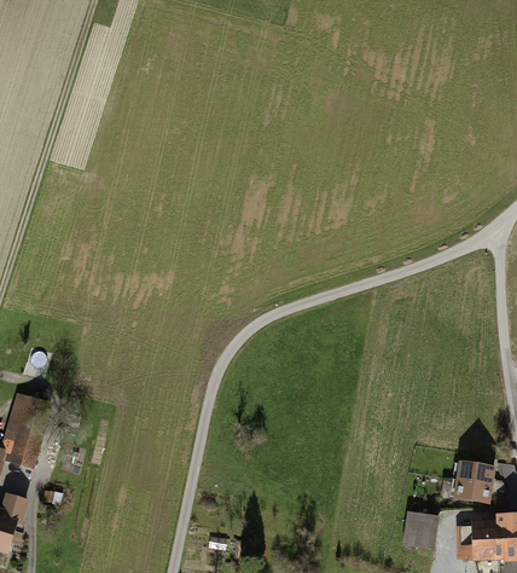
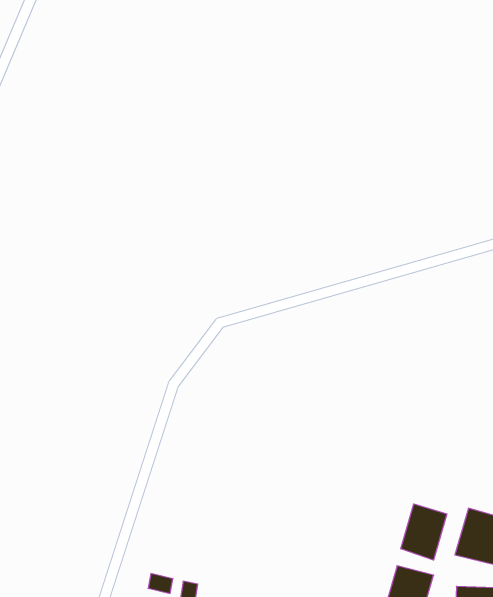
building: none -> [401,504,447,560]

